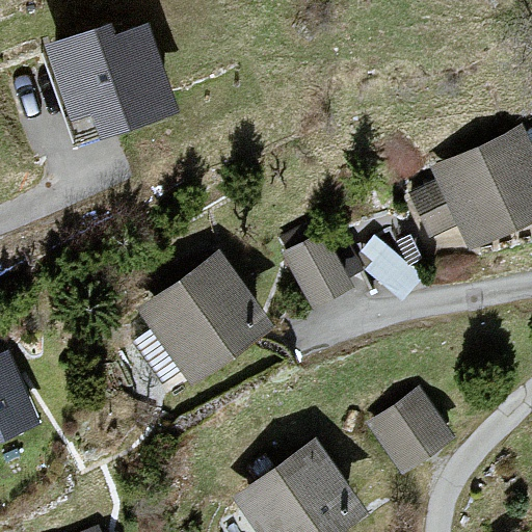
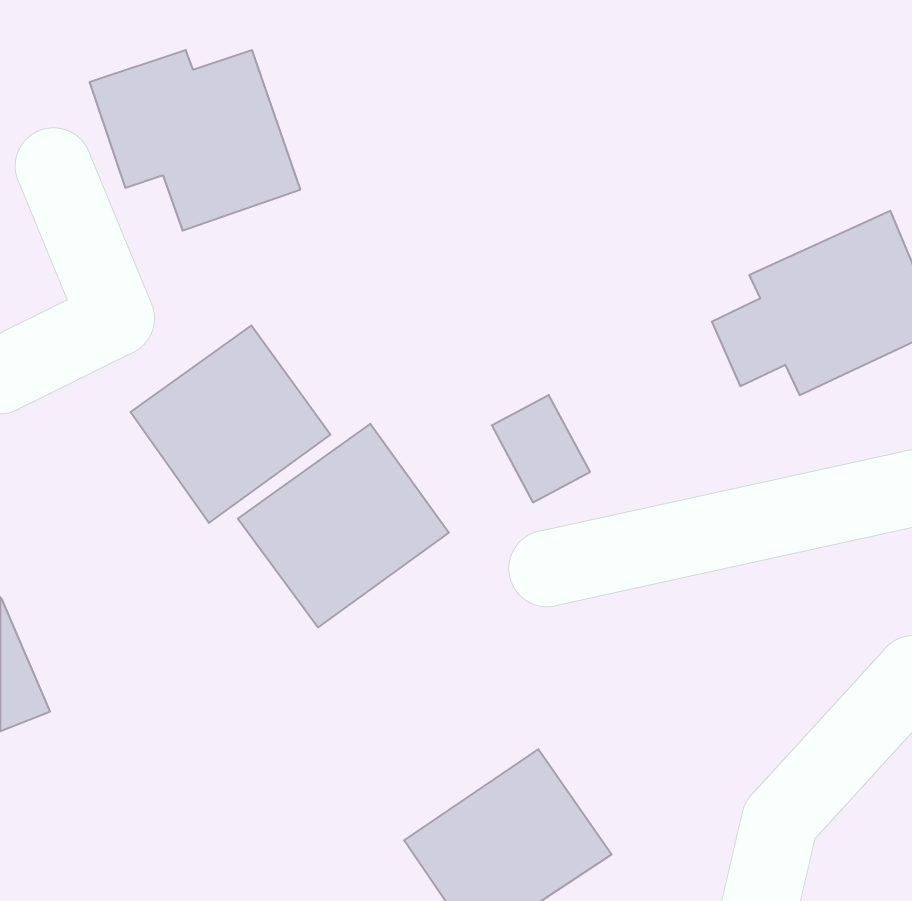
building: none -> [130,325,330,523]
building: [364,383,449,464] -> none

